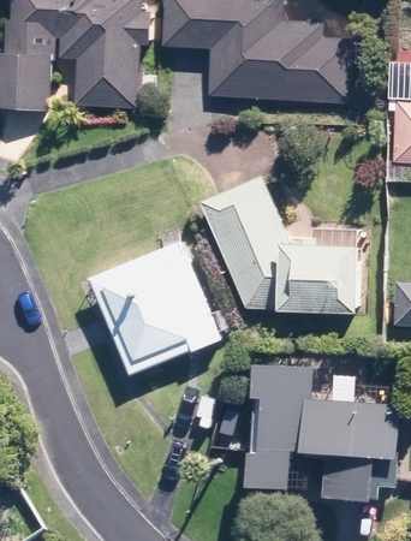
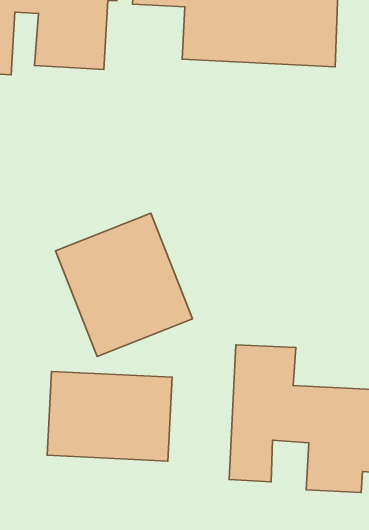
building: [203,178,362,314] -> none
building: none -> [47,371,172,461]

